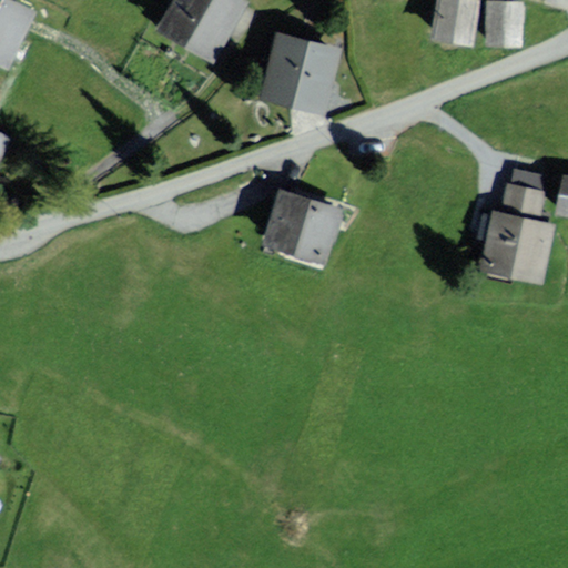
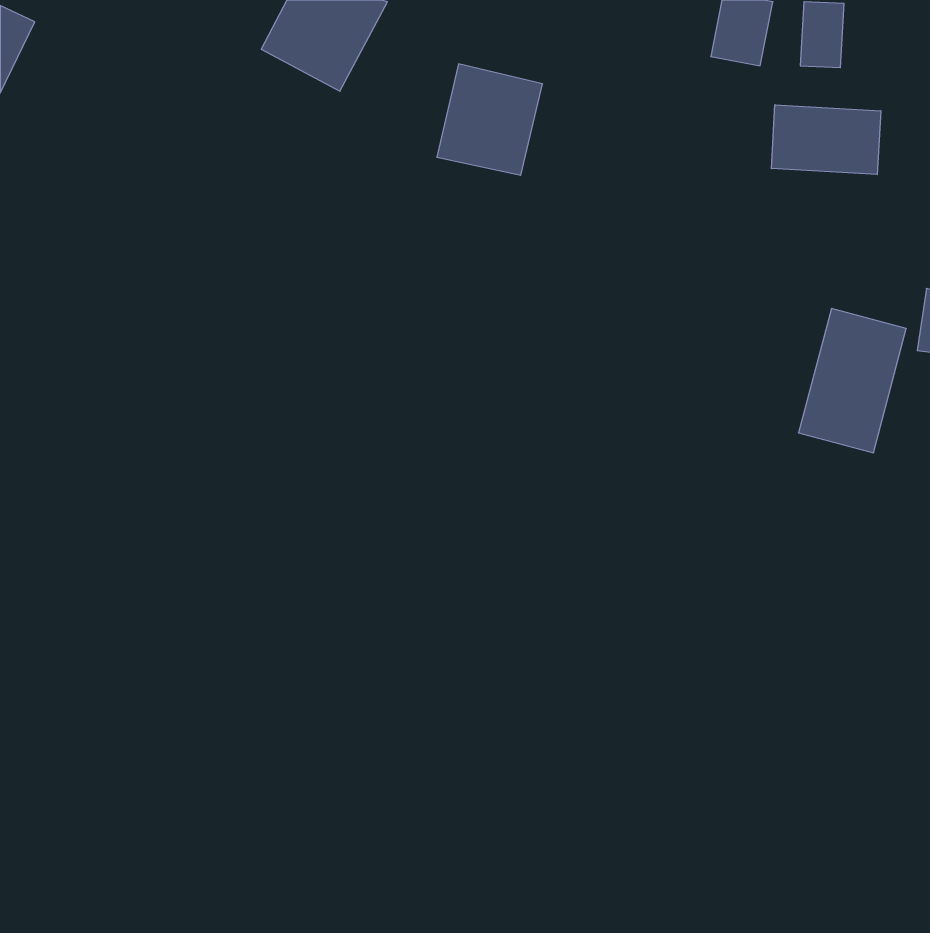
building: none -> [771,105,881,175]
building: [270,199,331,261] -> none

